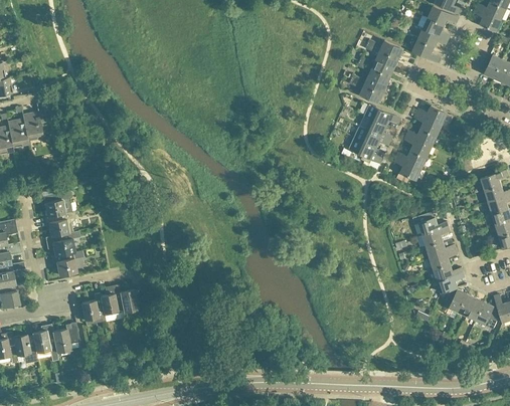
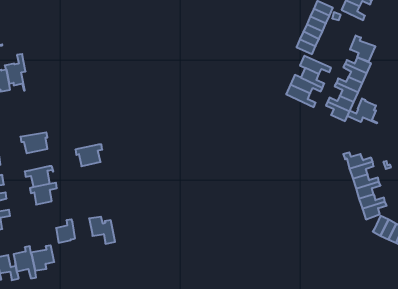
building: none -> [350,35,375,62]
building: none -> [347,98,377,123]
building: [44,212,75,237] -> [75,144,102,166]
building: [101,288,124,317] -> none

